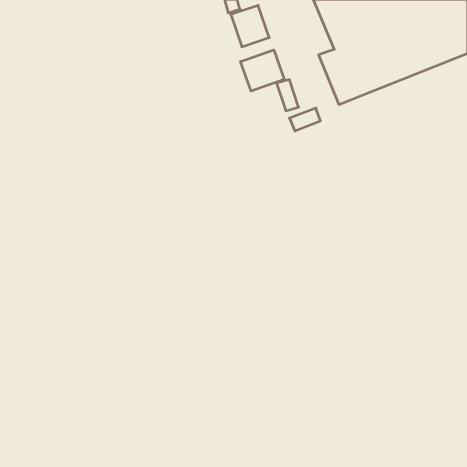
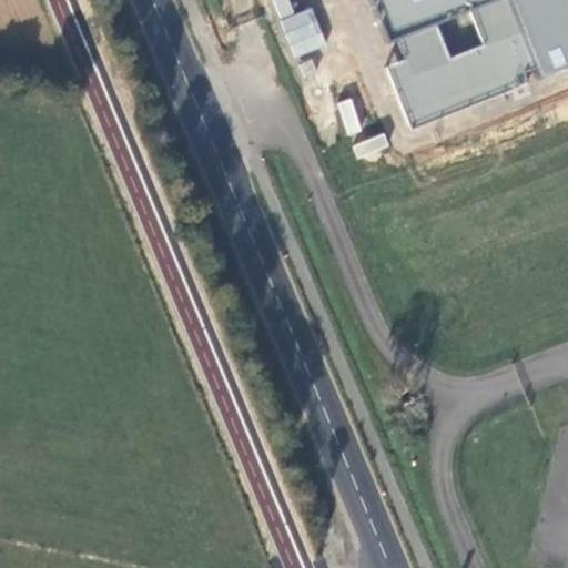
building: [241,50,284,91] -> none

